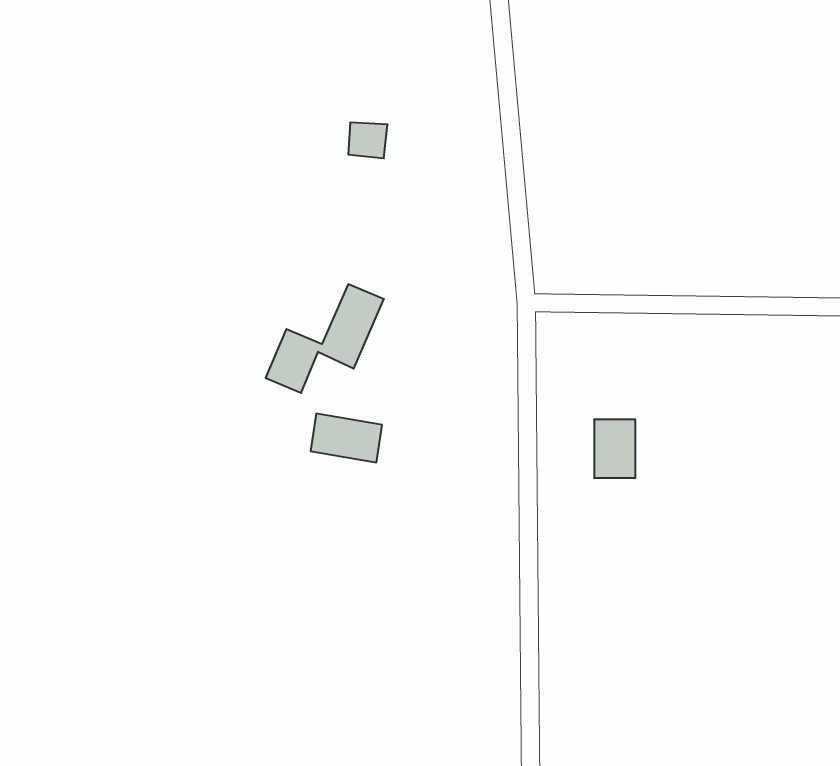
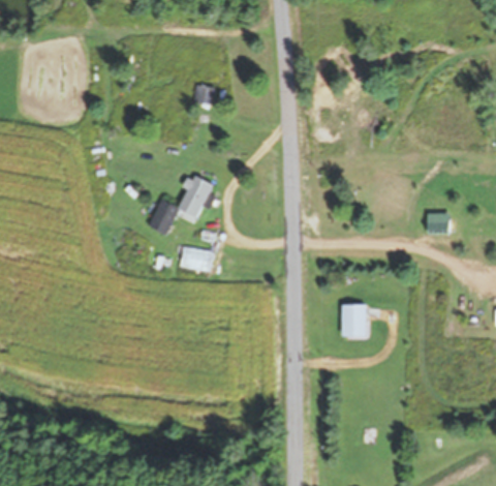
building: none -> [427,214,453,233]
building: [594,420,635,478] -> [343,304,366,336]

